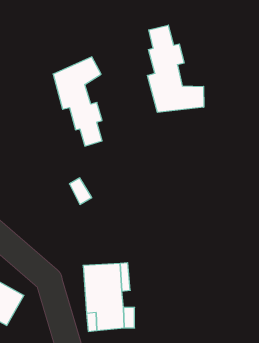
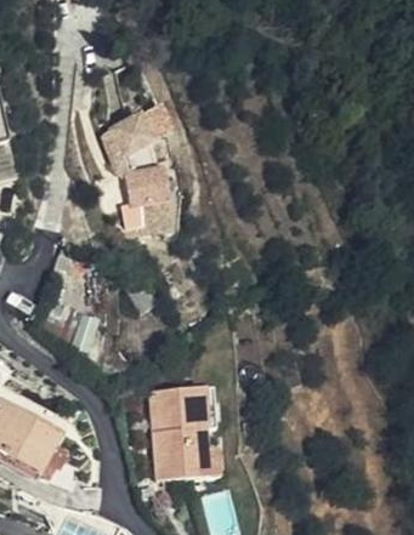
building: [147,25,204,112] -> none

